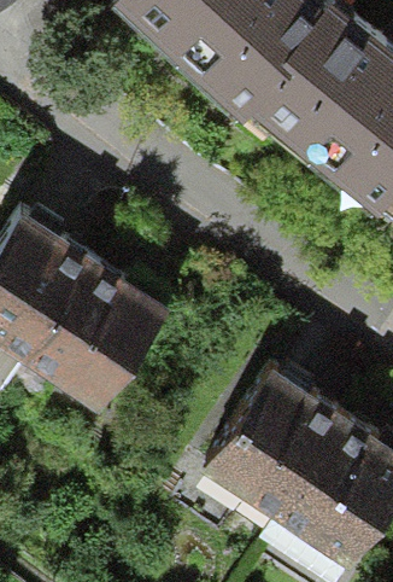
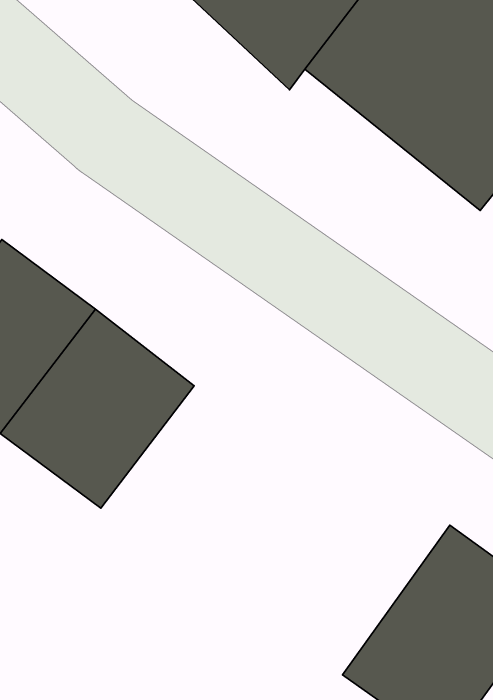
building: [195,367,345,525] -> none

